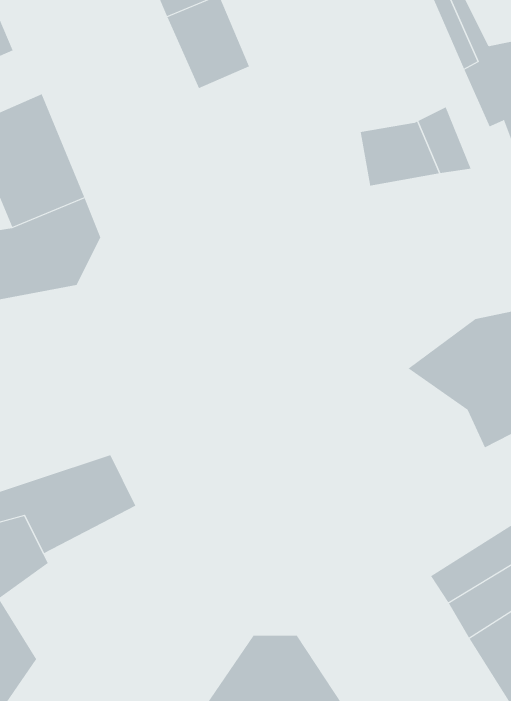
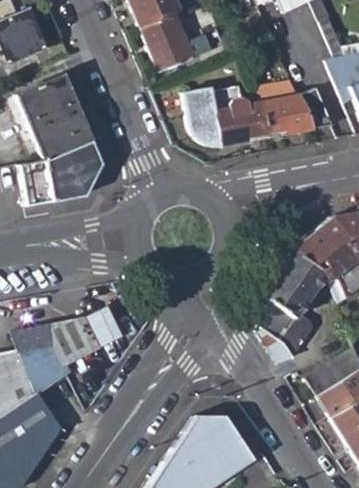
building: none -> [184,85,269,142]
building: none -> [260,248,330,357]

